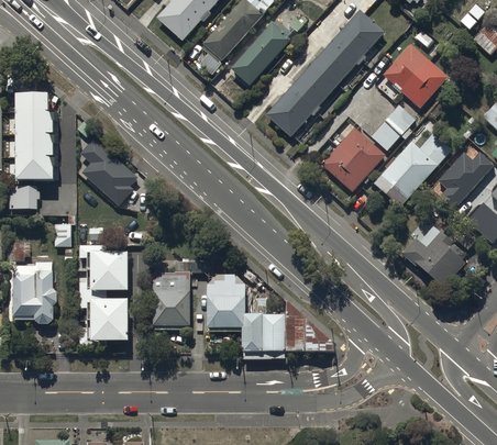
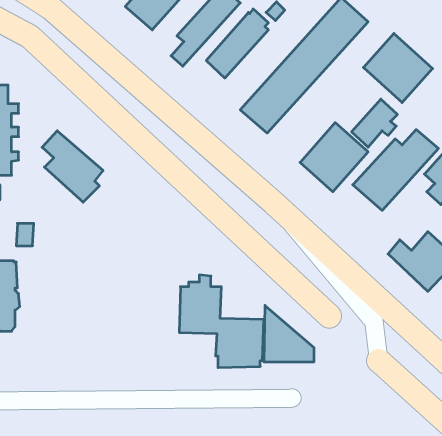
building: [78,243,128,344] -> none
building: [152,258,207,329] -> none

